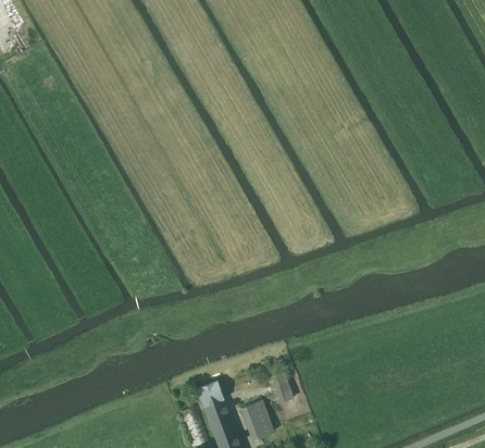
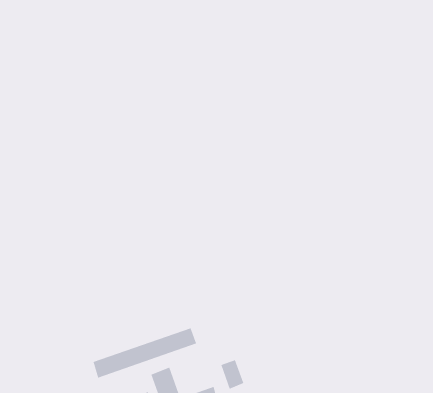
building: none -> [93,327,197,379]

